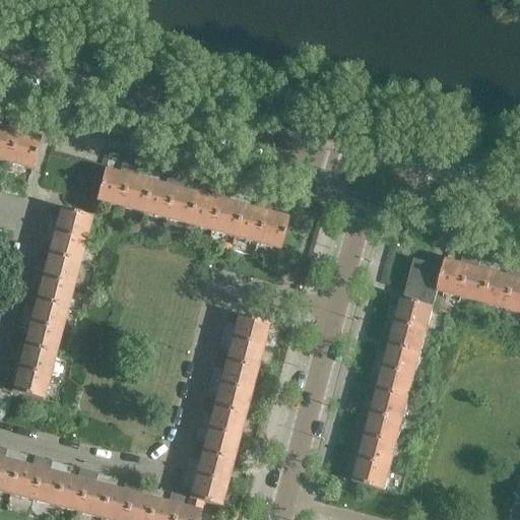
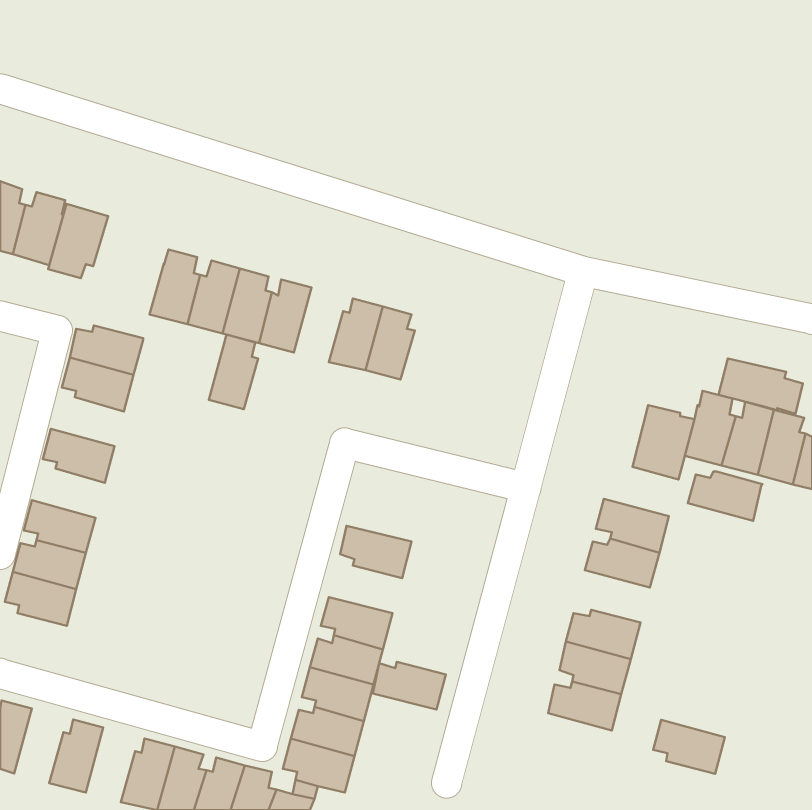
building: none -> [48,204,108,278]
building: [188,184,219,232] -> [209,335,258,409]
building: [256,203,290,250] -> none
building: none -> [719,359,803,414]
building: [32,254,79,285] -> none
building: [386,299,434,330] -> [688,471,763,521]
building: [20,300,67,331] -> none
building: [221,315,269,346] -> none
building: [210,362,257,392] -> [373,662,446,709]
building: [369,365,415,398] -> none
building: [9,453,41,501] -> none
building: [345,456,391,491] -> [653,720,725,774]
building: [55,465,86,513] -> none

